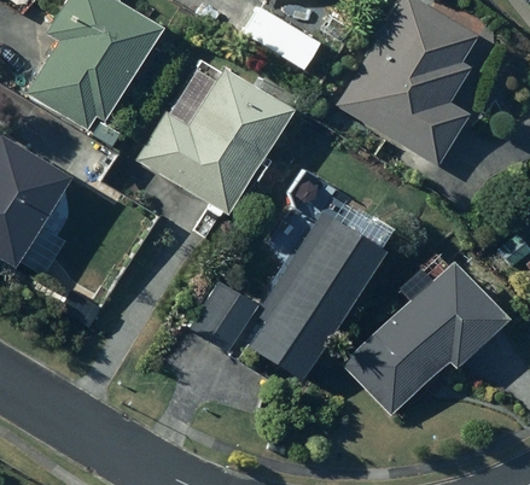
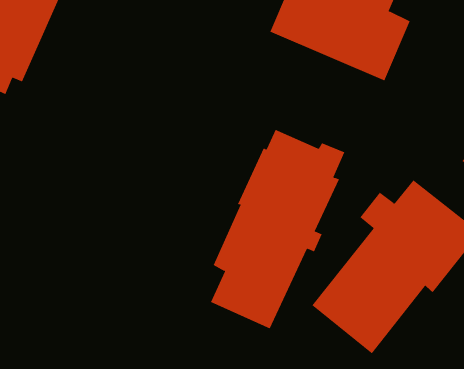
building: [139,69,295,215] -> none
building: [193,282,258,352] -> none

